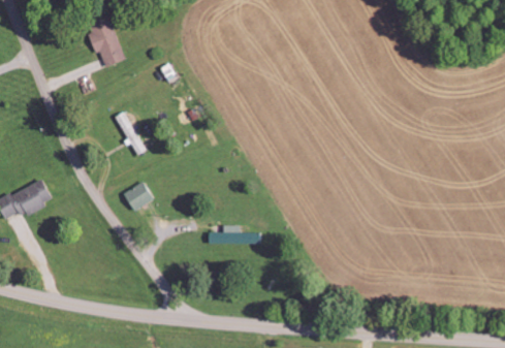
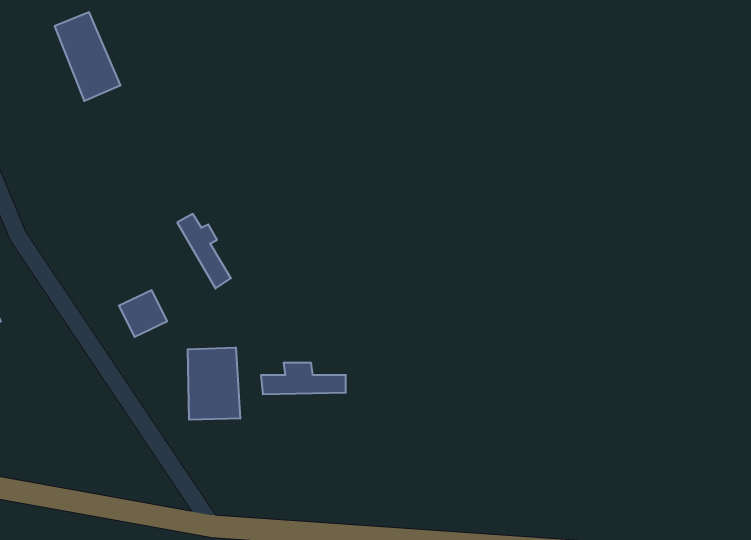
building: [114,113,146,157] -> [177,214,231,289]
building: none -> [188,347,240,420]

